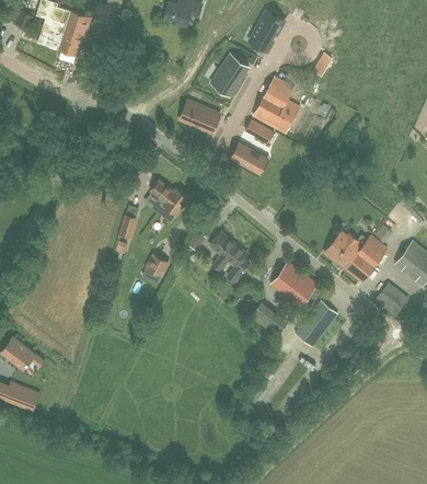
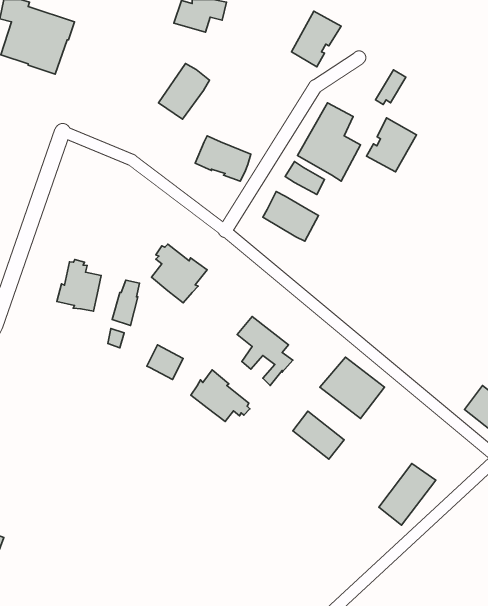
building: [211,55,249,95] -> [158,64,210,119]
building: none -> [367,118,416,172]
building: none -> [57,259,101,311]
building: [324,230,388,280] -> none
building: none -> [191,370,250,422]
building: [297,301,338,346] -> [379,464,436,525]

